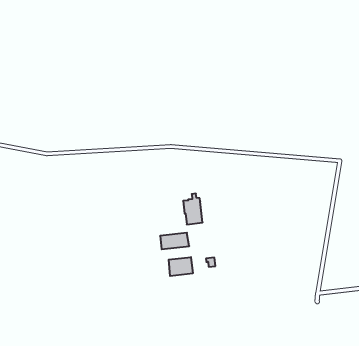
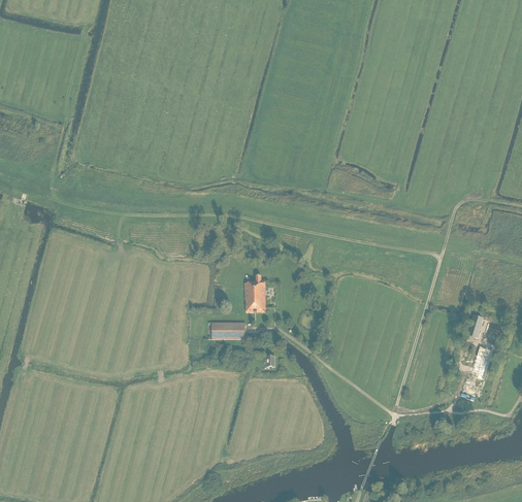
building: [169,257,193,276] -> none

